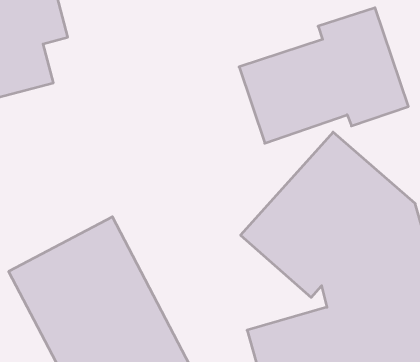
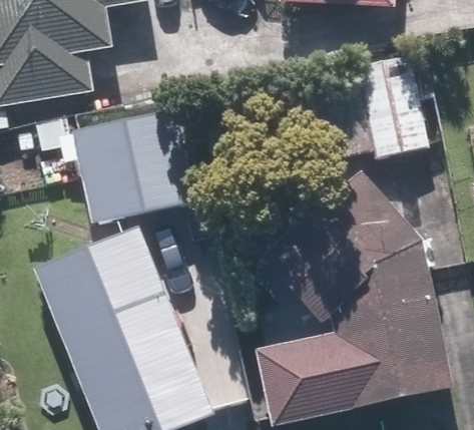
building: none -> [71,106,195,224]

